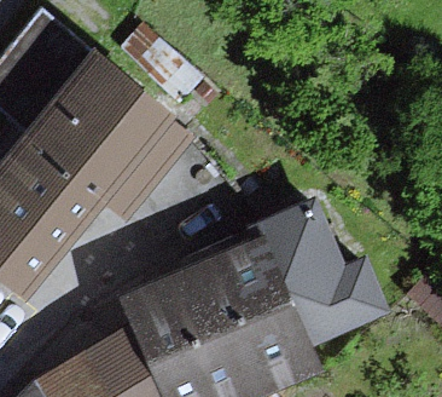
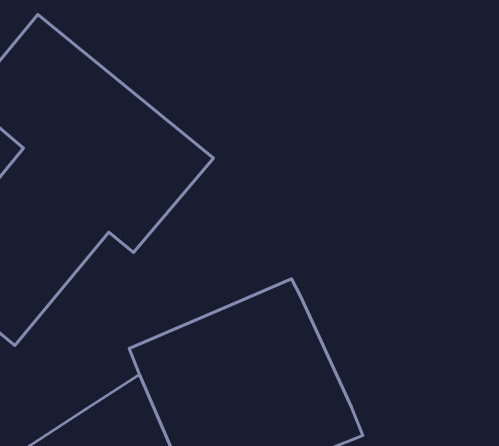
building: [252,201,385,347] -> none

